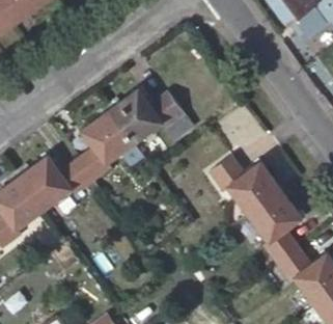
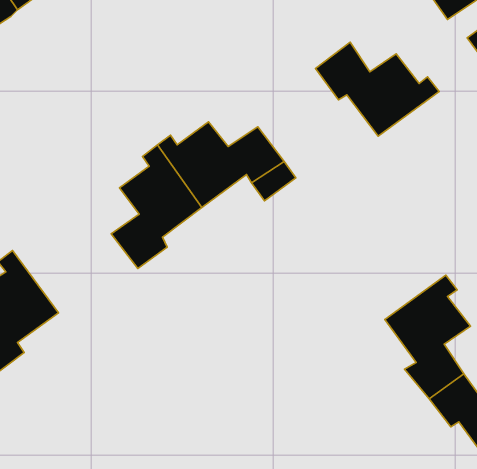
building: [209,154,286,213] -> [315,42,439,136]
building: [13,155,92,209] -> none

